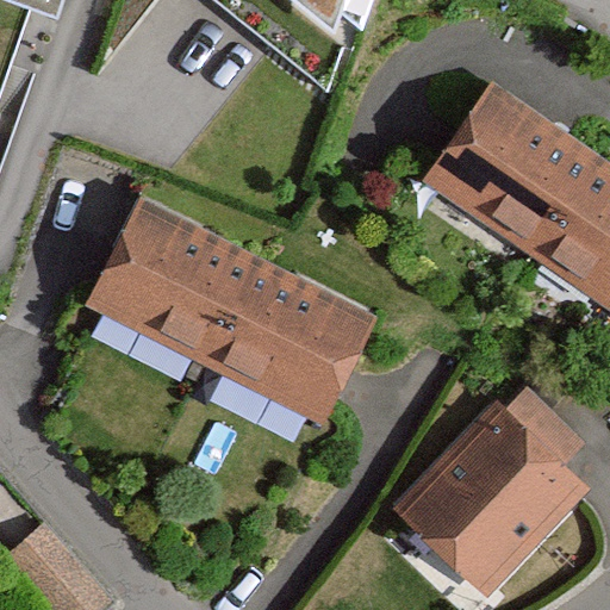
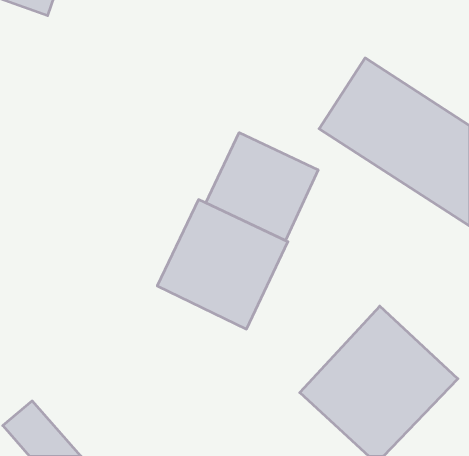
building: none -> [206,133,318,241]
building: [85,203,257,369] -> none

